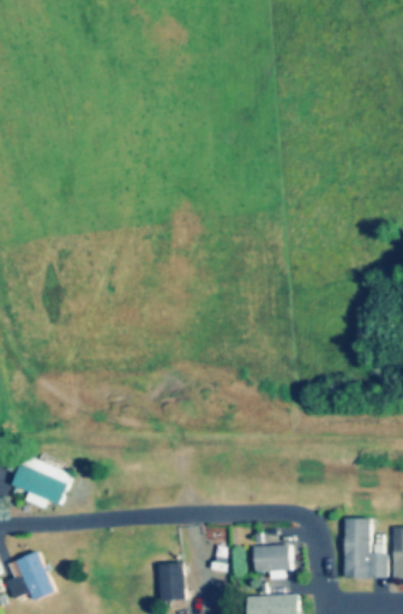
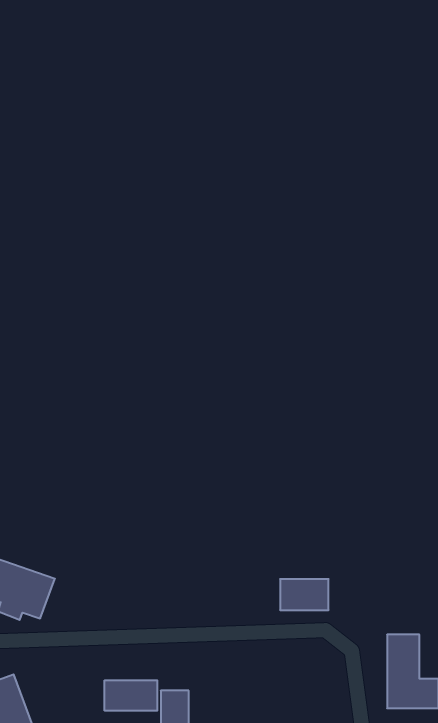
building: [252,546,291,571] -> [280,579,329,610]
building: none -> [105,680,157,711]

